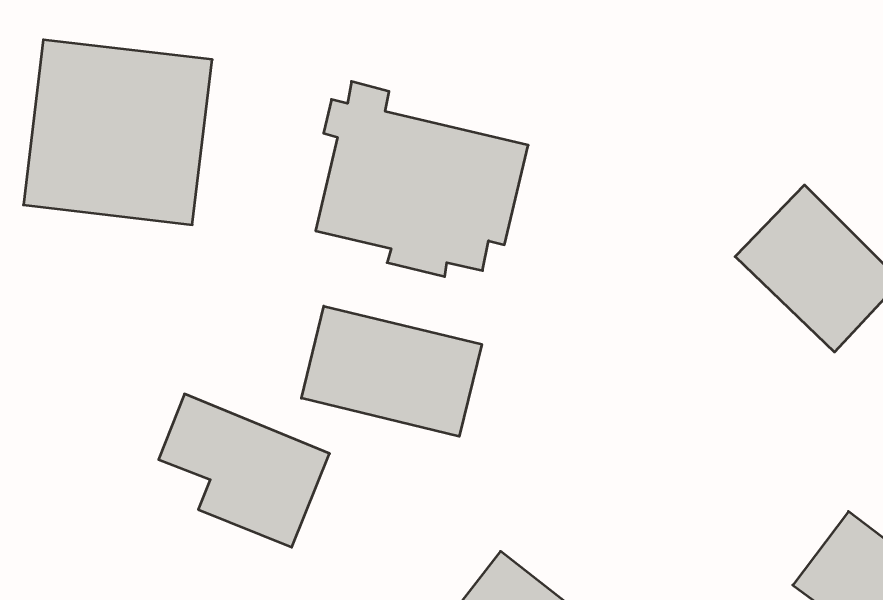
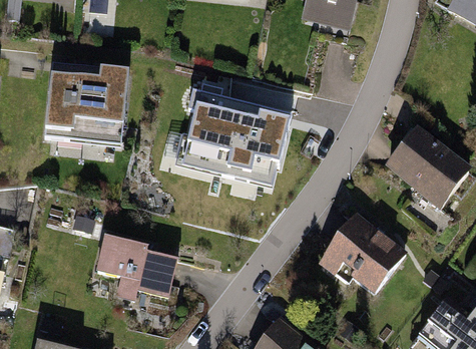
building: [301,306,482,436] -> none
building: none -> [322,214,402,289]

